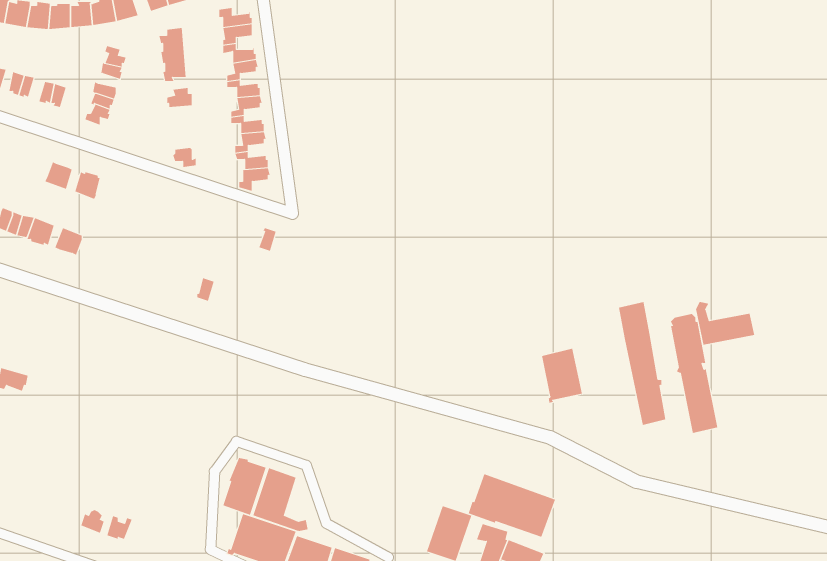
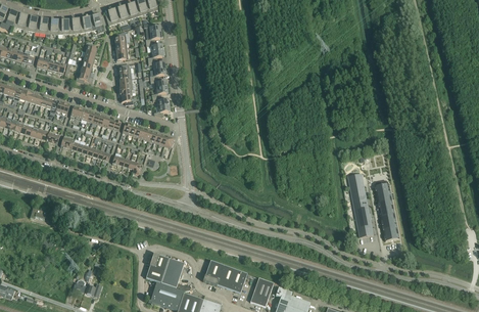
building: [696,301,755,346] -> none
building: [541,348,582,403] -> none
building: [468,474,556,538] -> [202,260,247,293]

